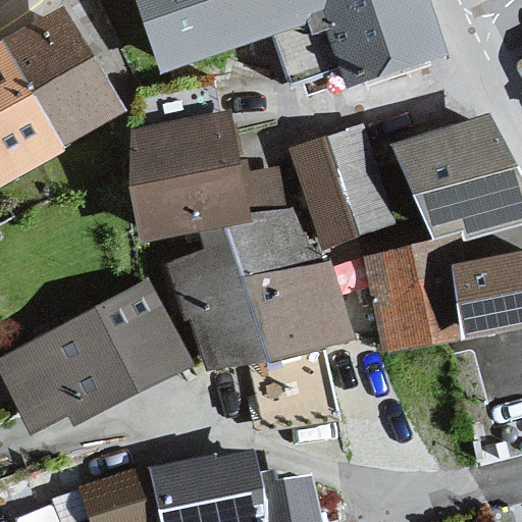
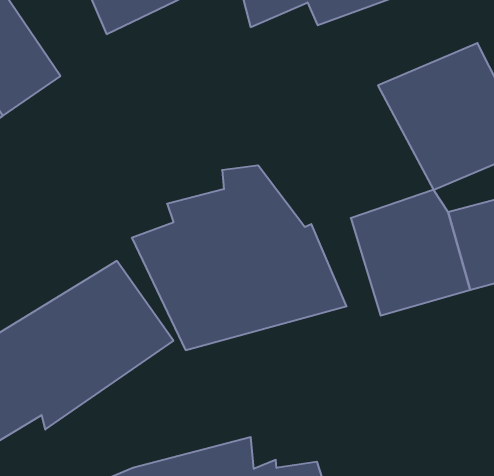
building: [135,115,285,244] -> none
building: [289,126,397,252] -> none

